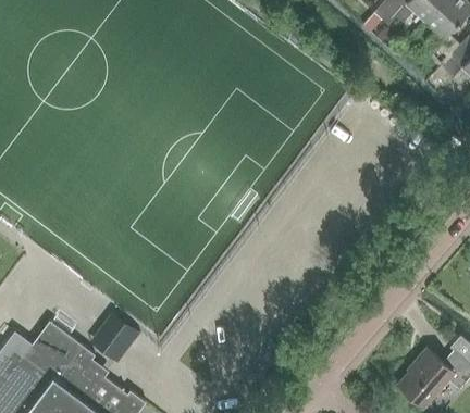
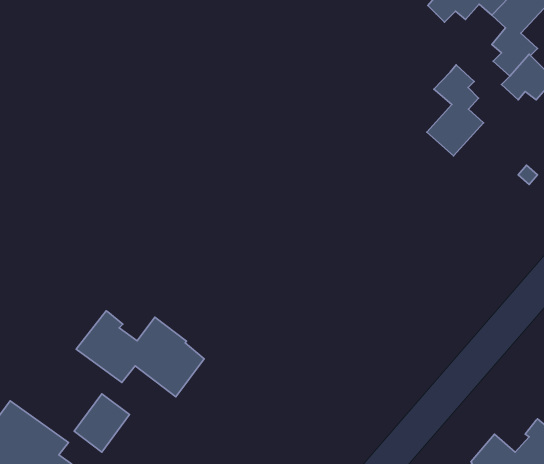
building: none -> [427,65,484,156]
building: none -> [76,311,204,397]

